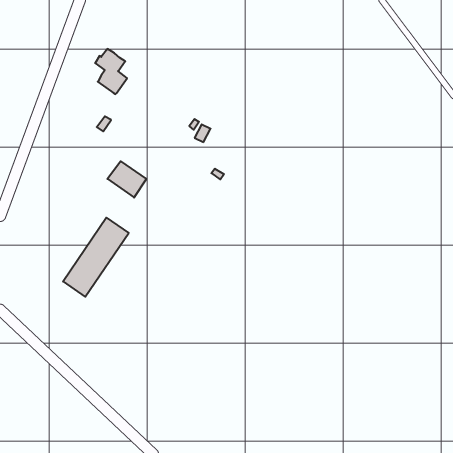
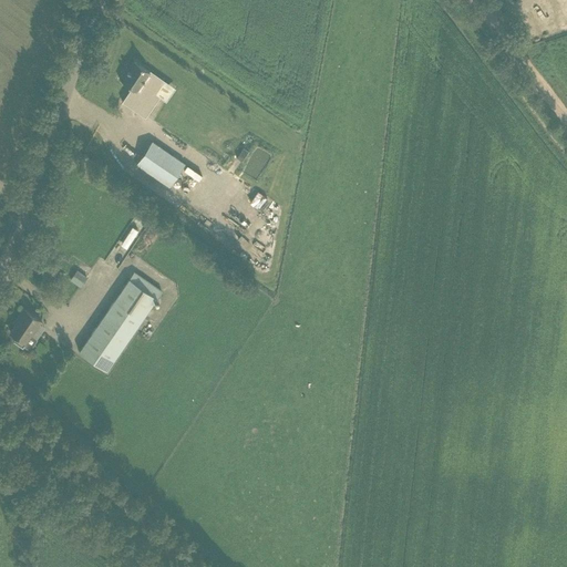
building: [107,161,147,198] -> [136,143,185,188]
building: none -> [11,310,42,349]

